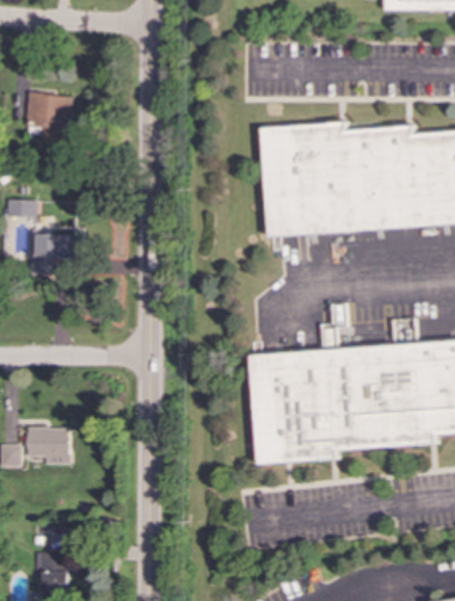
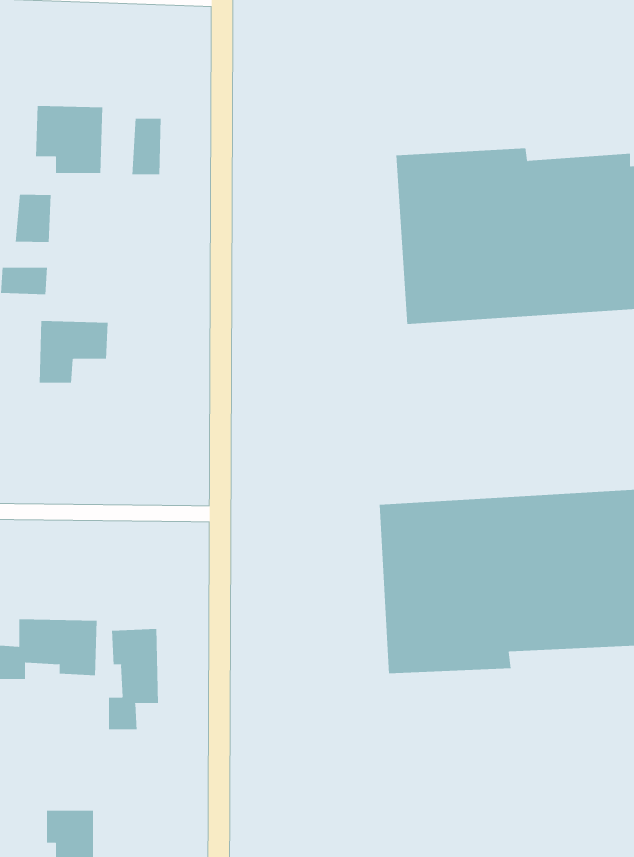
building: none -> [132,118,161,175]
building: none -> [15,194,51,243]
building: none -> [108,628,158,730]

